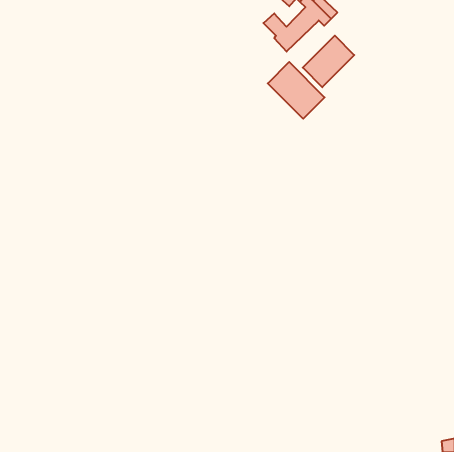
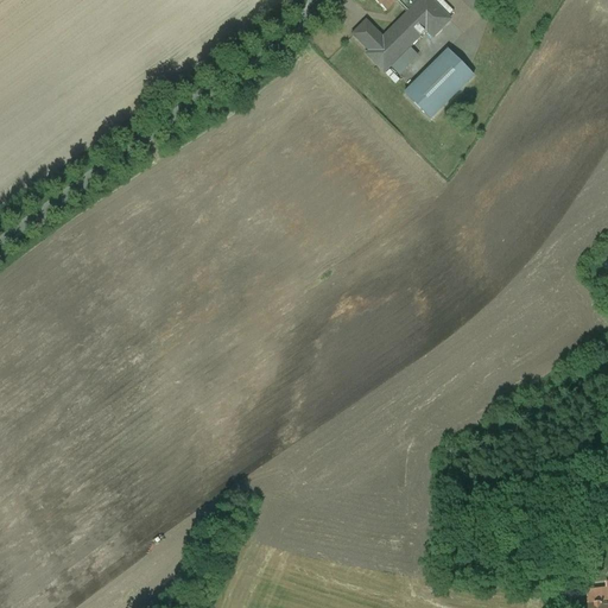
building: [268,62,325,119] -> none

